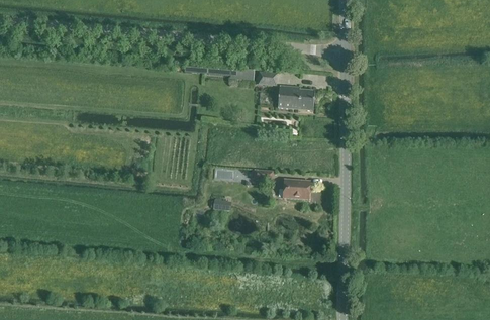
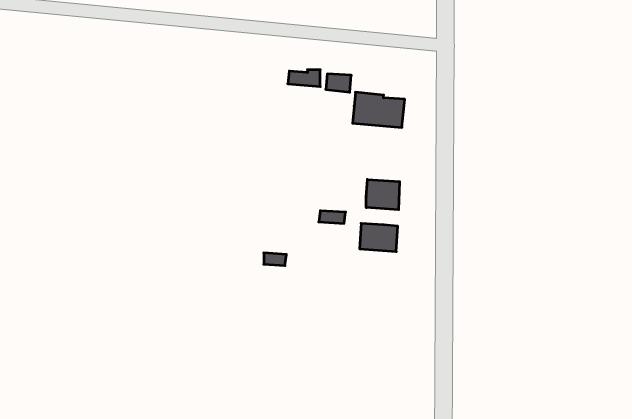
building: none -> [366,179,400,210]

